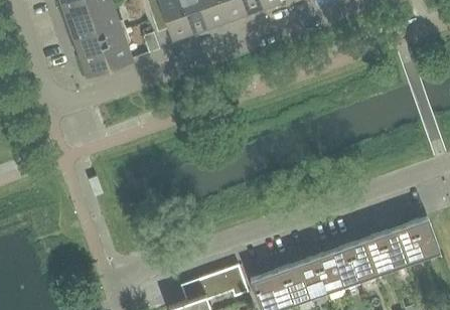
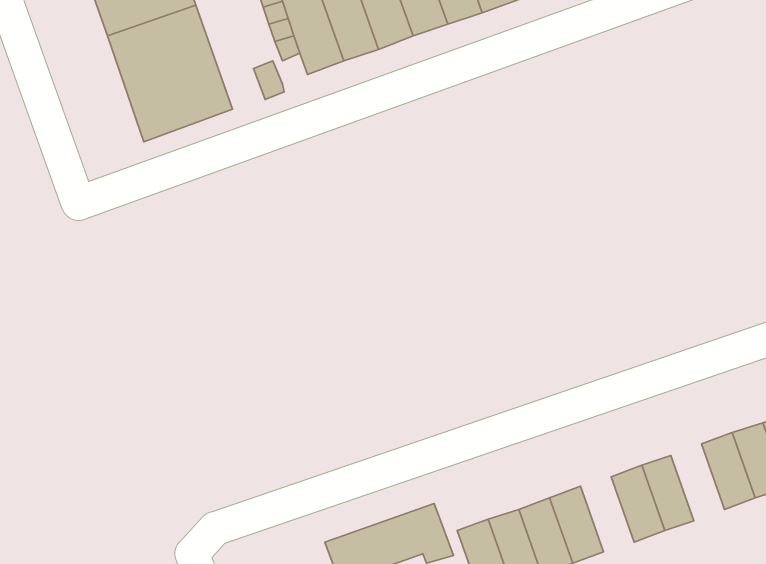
building: [362,234,391,274] -> none
building: [315,251,343,290] -> none

